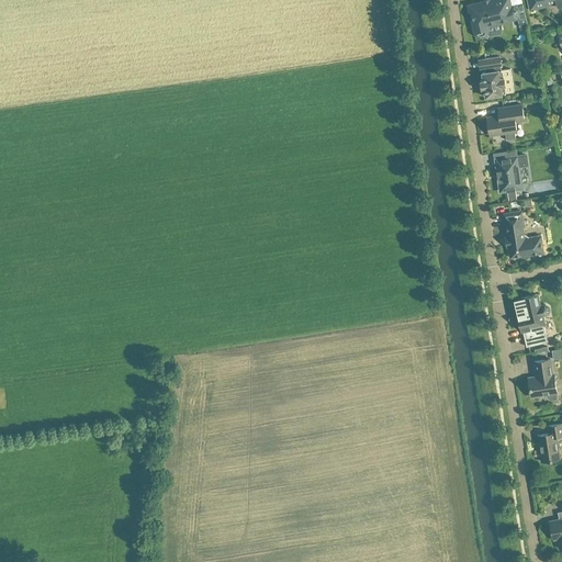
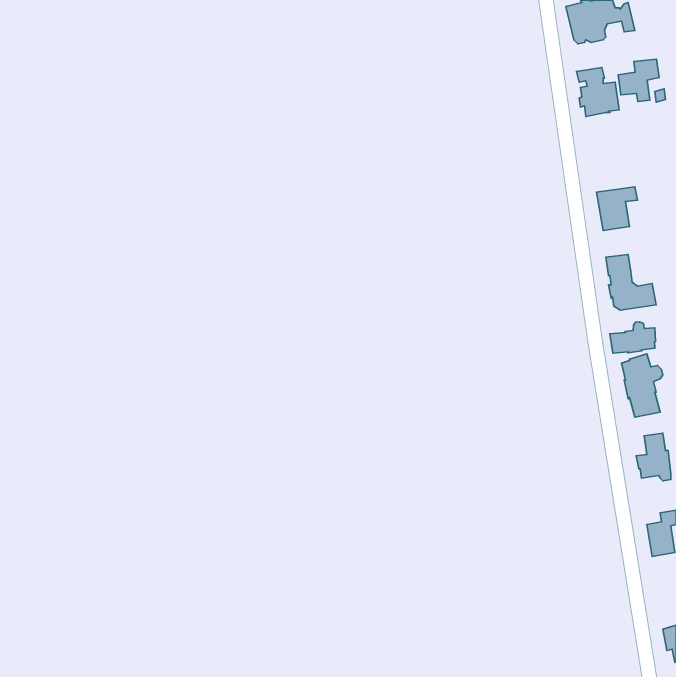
building: [488,104,522,139] -> [618,59,659,101]
building: none -> [610,322,656,353]

